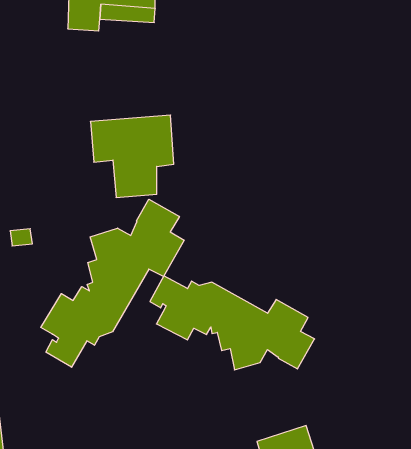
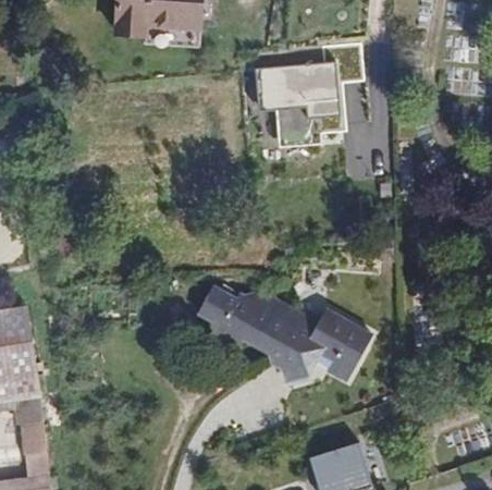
building: [90,115,174,197] -> [253,61,337,145]
building: [41,199,184,367] -> none

